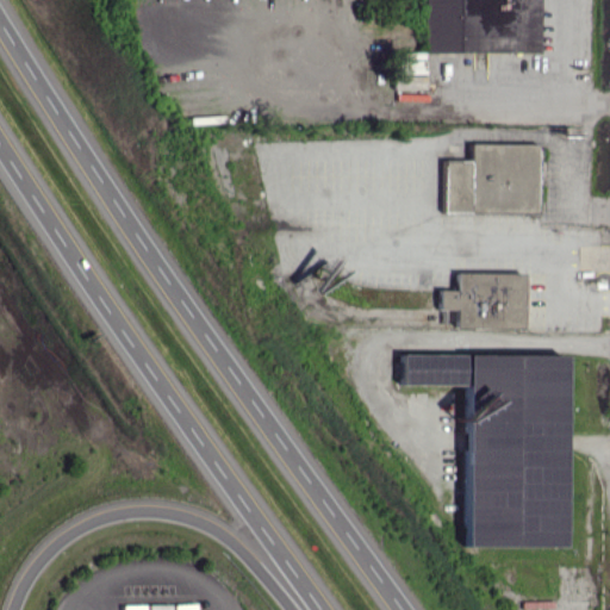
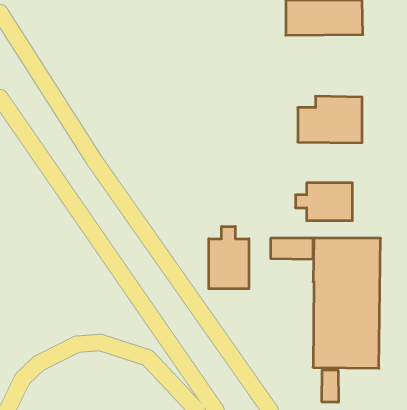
building: none -> [209,226,249,289]
building: none -> [322,370,338,402]

